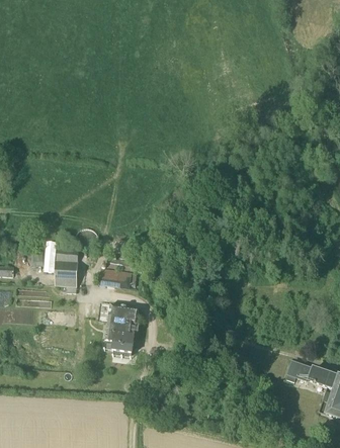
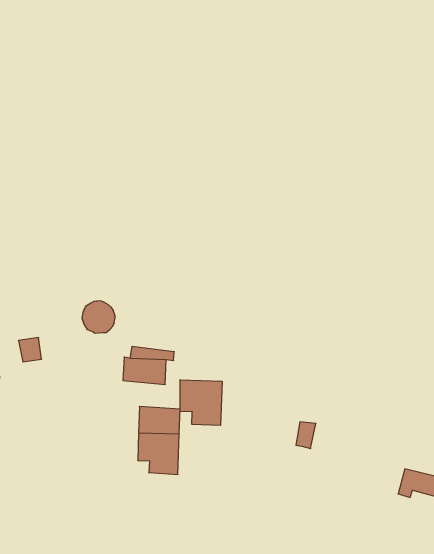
building: [55,248,78,292] -> none
building: none -> [180,380,222,425]

